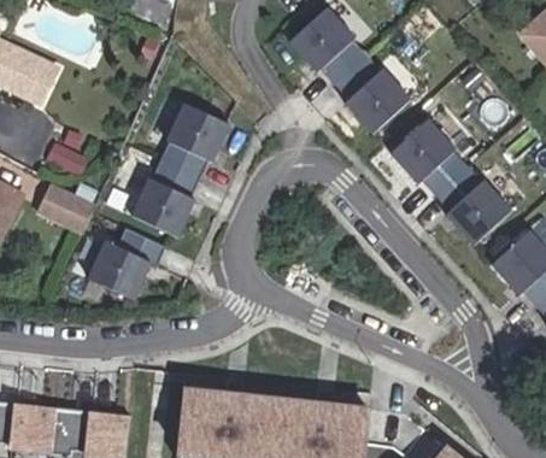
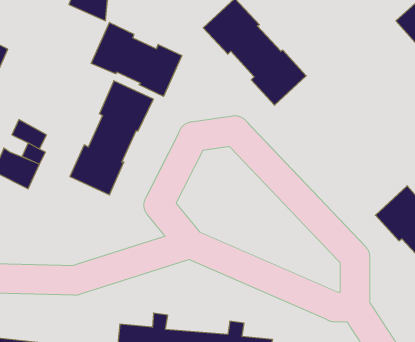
building: none -> [91,22,182,96]
building: [389,116,511,242] -> none
building: [84,228,163,300] -> none

